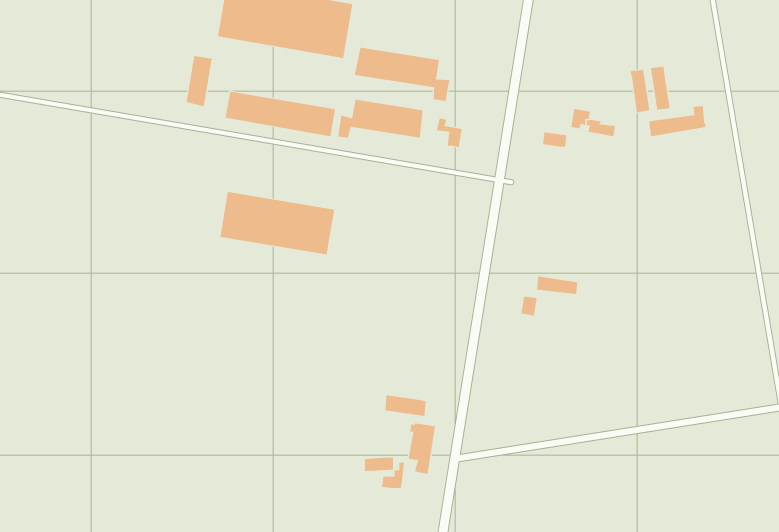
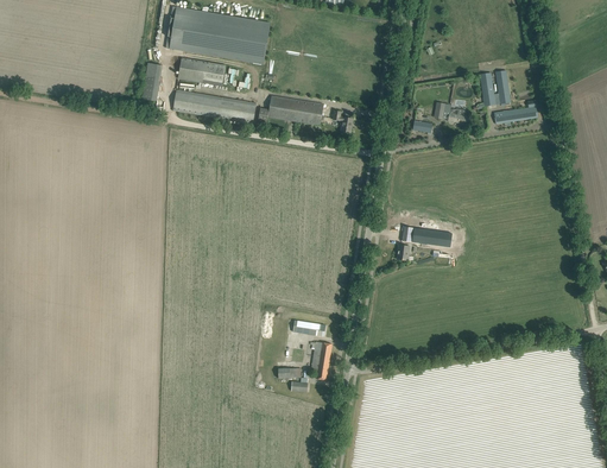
building: [354,47,450,102] -> none
building: none -> [178,57,226,84]
building: [220,191,335,255] -> none

